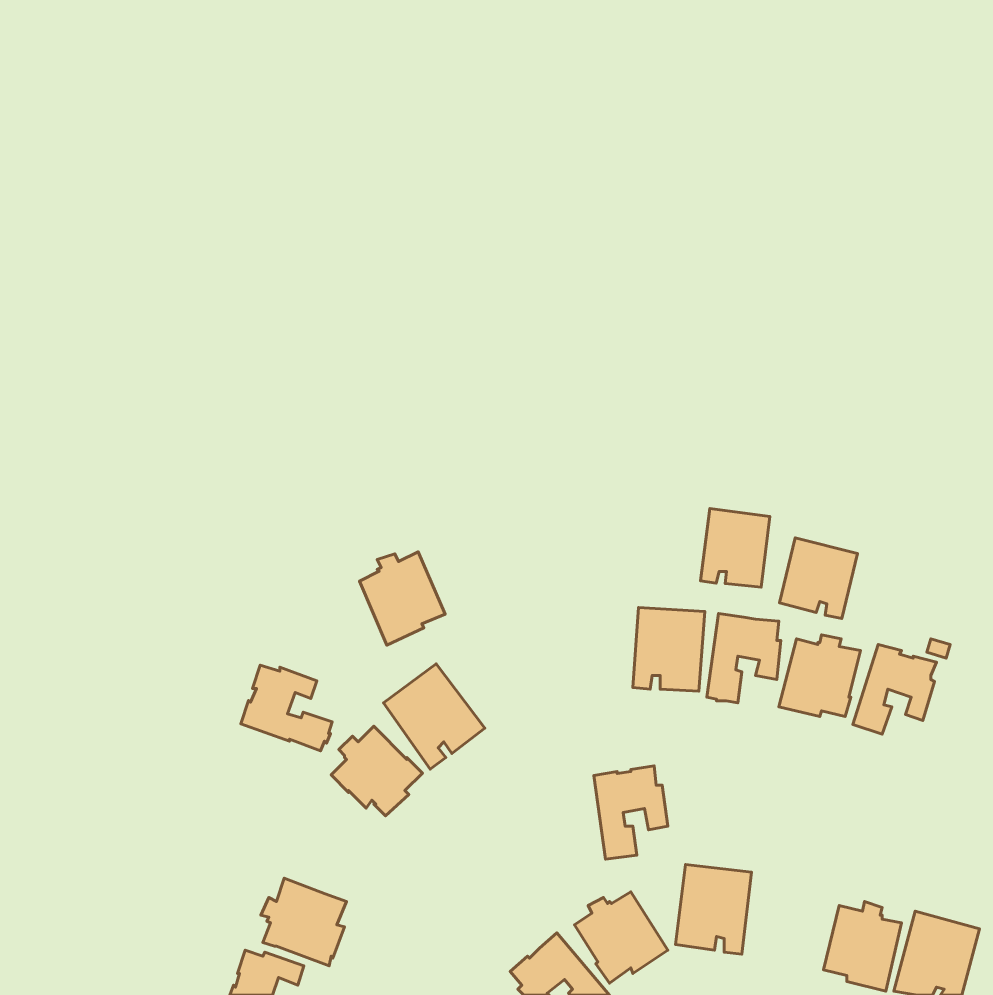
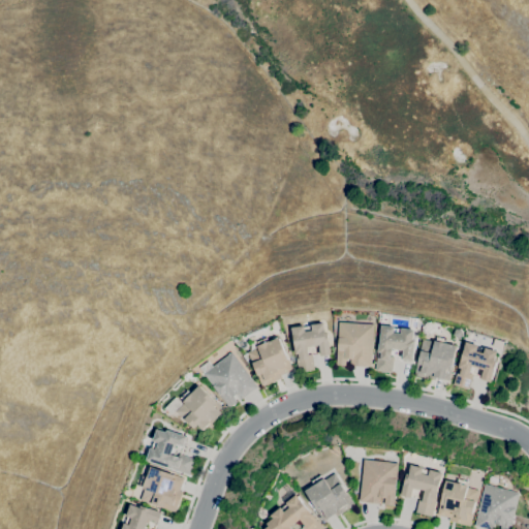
building: [700,509,770,587] -> none
building: [780,538,857,619] -> none
building: [360,552,445,645] -> [248,337,293,386]
building: [241,665,332,751] -> [147,429,195,474]
building: [594,766,668,859] -> [292,322,332,372]
building: none -> [402,465,444,517]

